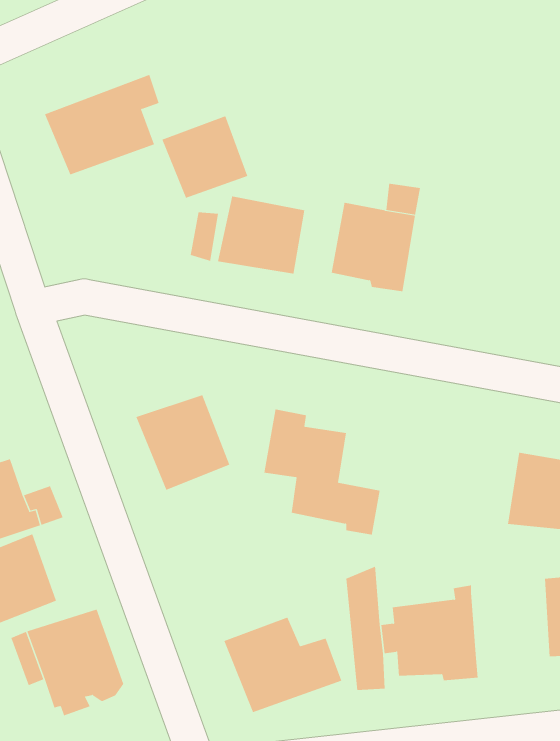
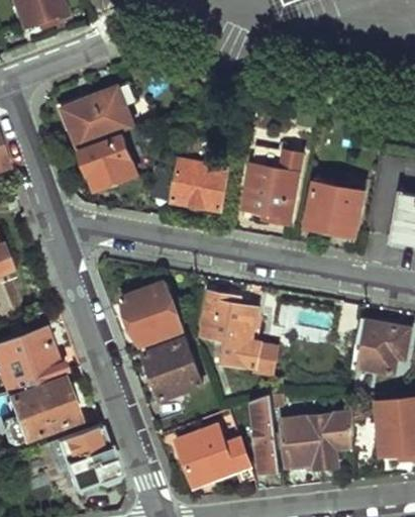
building: [162,115,248,199] -> [84,136,138,189]
building: none -> [307,182,365,234]
building: none -> [146,342,201,400]
building: none -> [334,410,356,452]

